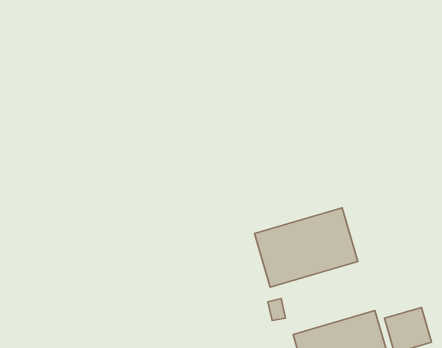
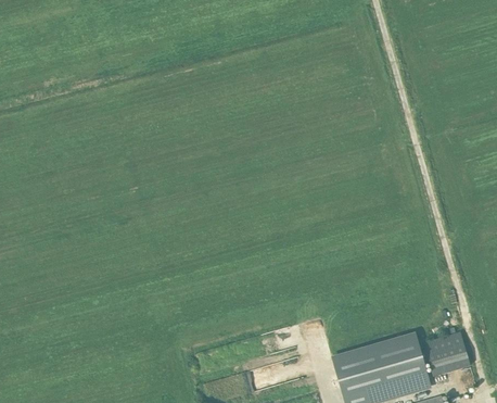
building: [255,208,358,287] -> none

